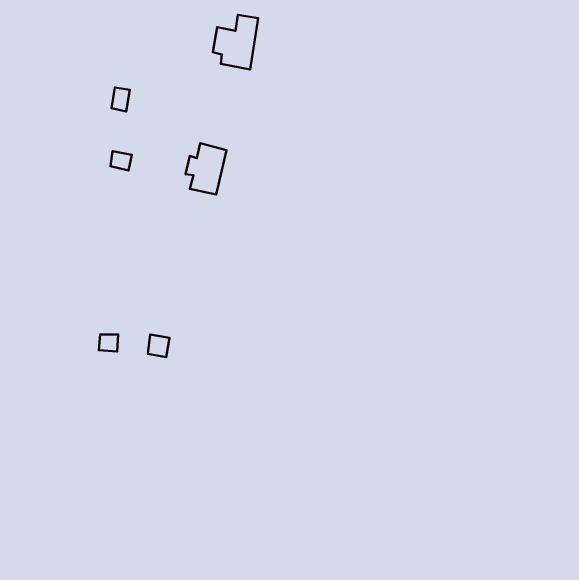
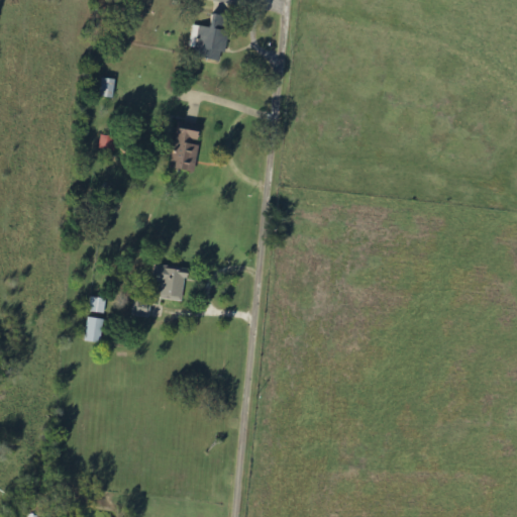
building: none -> [151,265,186,299]
building: none -> [84,316,103,342]

